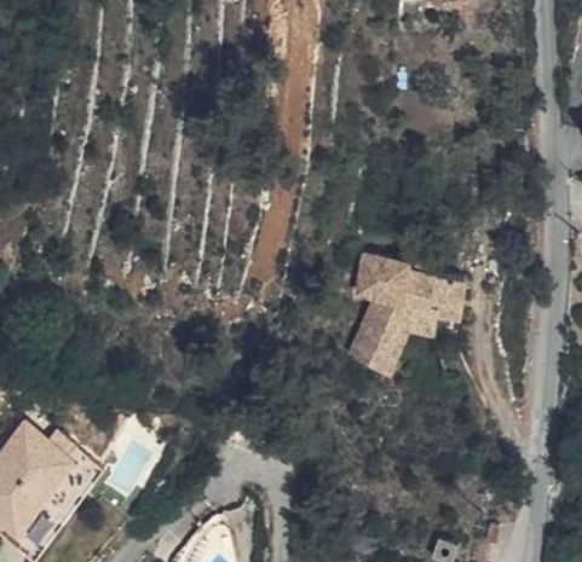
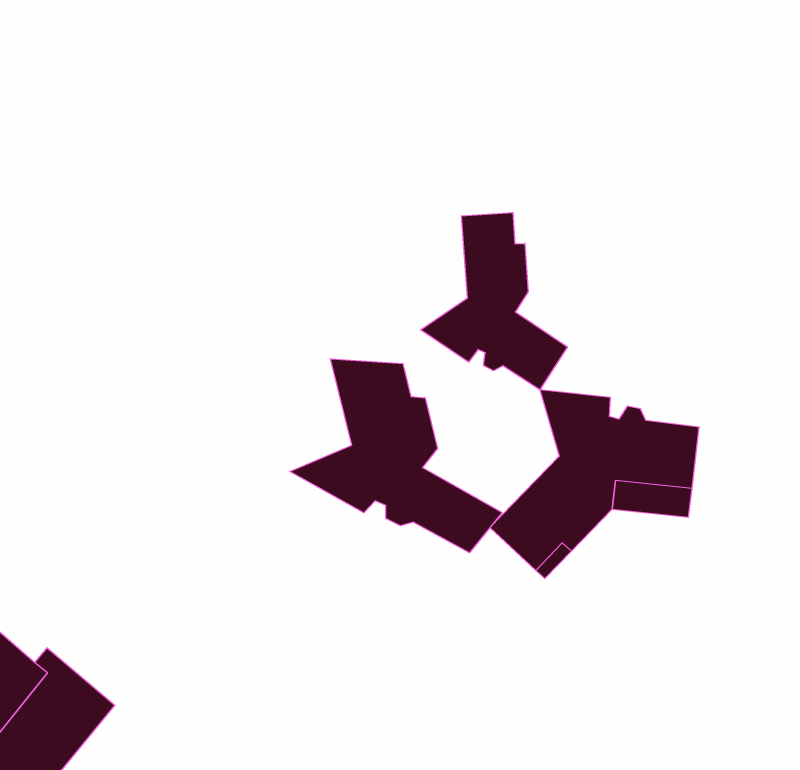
building: none -> [420,212,567,390]
building: none -> [290,359,502,553]

